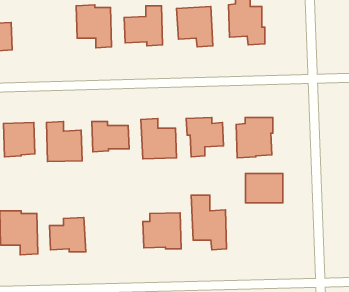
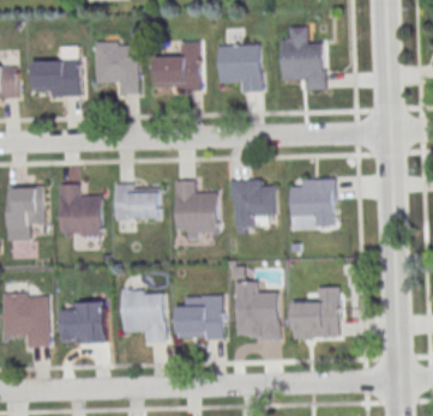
building: none -> [32,46,80,96]
building: [245,174,283,203] -> [293,301,338,337]
building: none -> [121,289,166,342]

